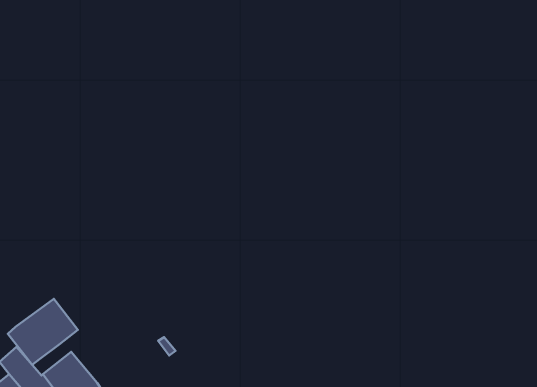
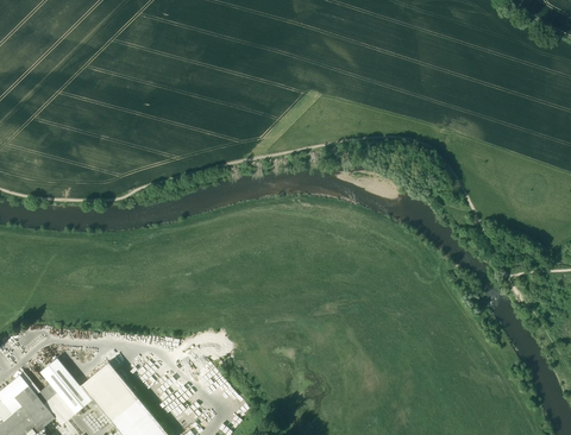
building: [8,299,78,365] -> none

